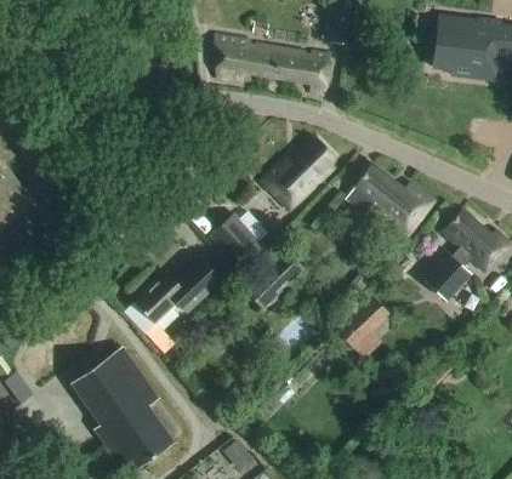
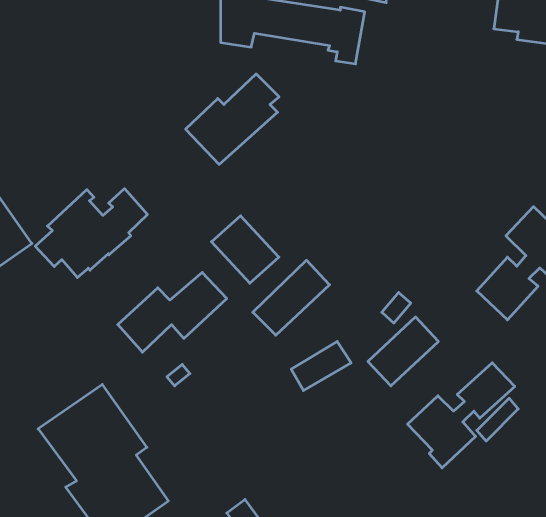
building: [261,138,335,210] -> [186,74,279,164]
building: [343,161,432,235] -> none
building: none -> [35,189,147,278]
building: none -> [408,363,515,468]

